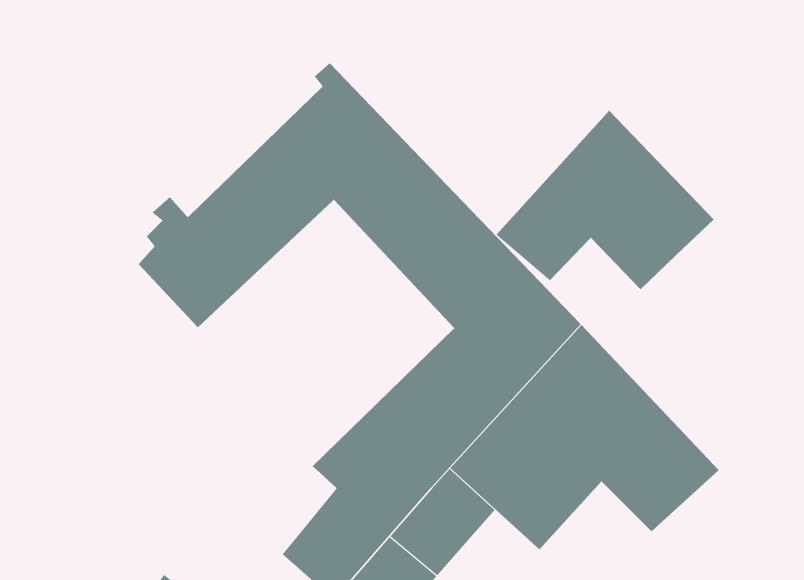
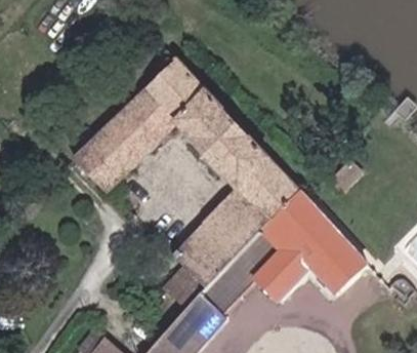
building: [495,110,714,290] -> none

